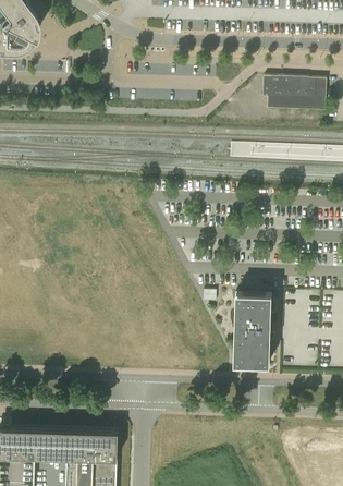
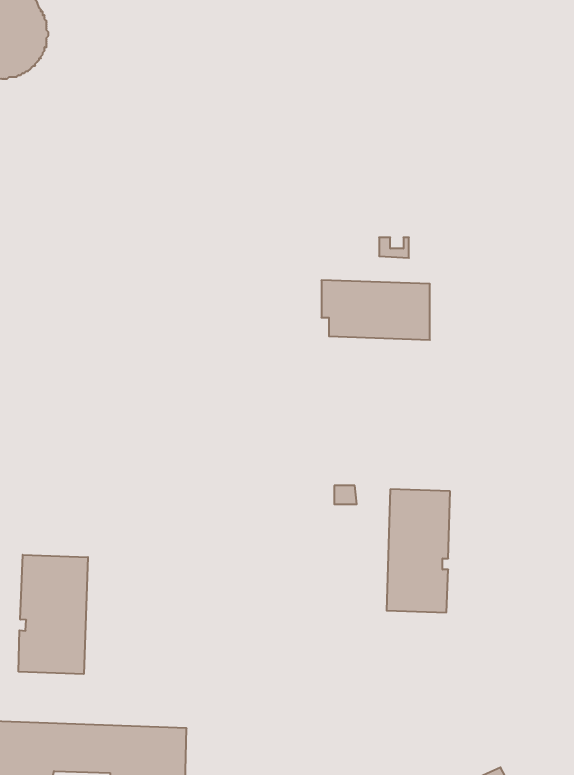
building: [262,80,326,114] -> [321,280,430,340]
building: none -> [19,555,88,674]

